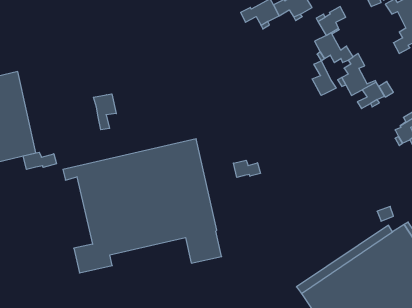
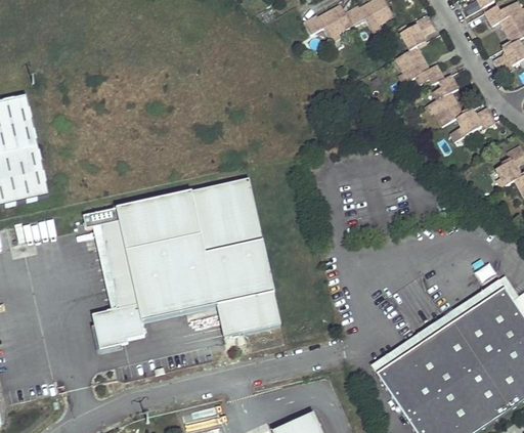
building: [312,61,336,95] -> none
building: [93,94,116,130] -> none
building: [23,152,57,169] -> none
building: [233,160,260,177] -> none
building: none -> [217,301,243,338]

